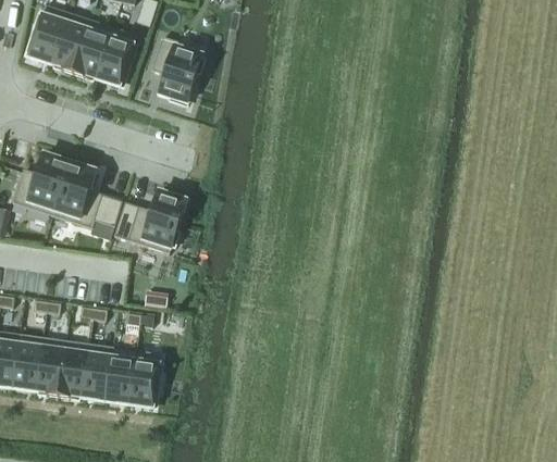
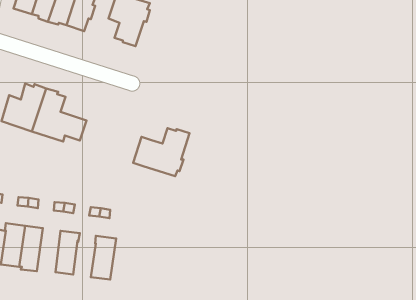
building: [114,191,187,253] -> [133,128,189,176]
building: [59,340,89,399] -> none
building: [106,357,135,403] -> none

